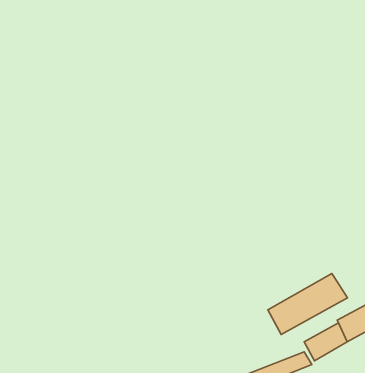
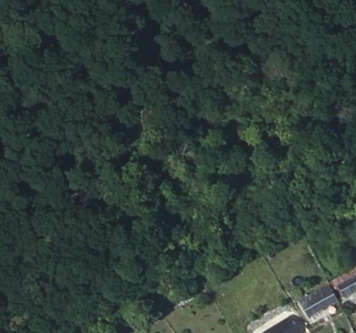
building: [268,273,348,335] -> none

